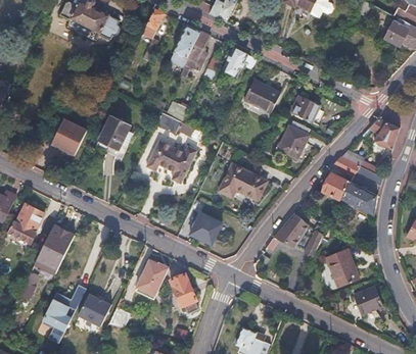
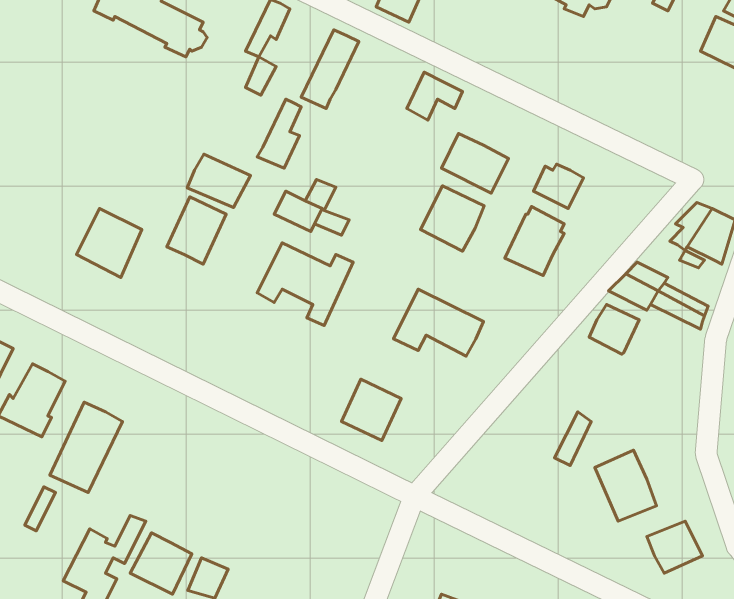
building: [184,32,207,68] -> [257,99,301,168]
building: none -> [187,154,250,208]
building: none -> [421,186,484,251]
building: [340,180,378,215] -> none
building: [274,211,309,245] -> none
building: [135,257,169,298] -> none
building: [170,271,198,312] -> none

